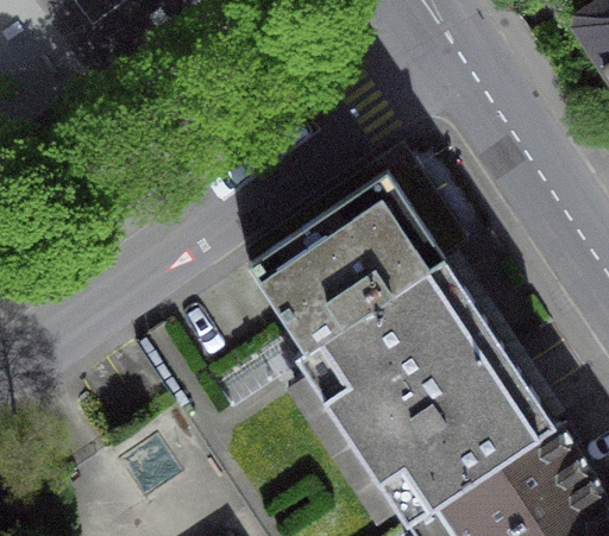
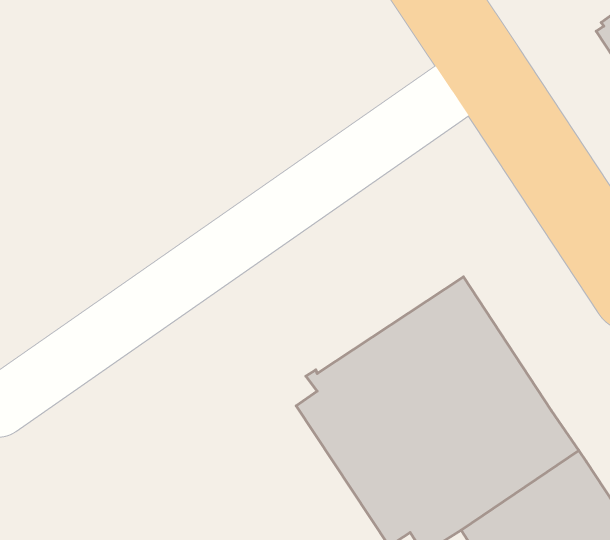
building: [255,184,454,367] -> none

